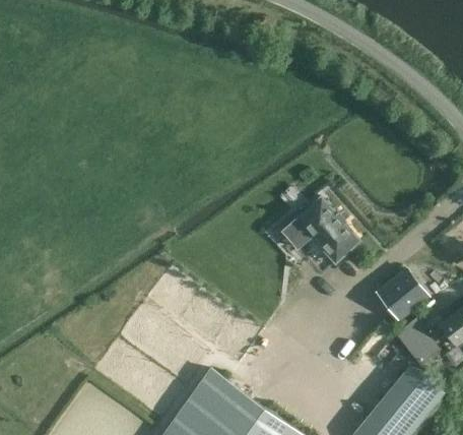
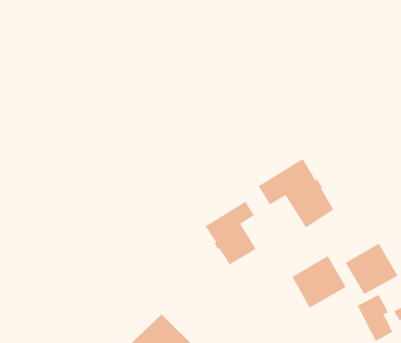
building: none -> [205,201,256,265]
building: none -> [292,255,346,308]

